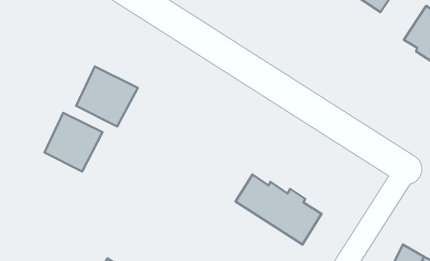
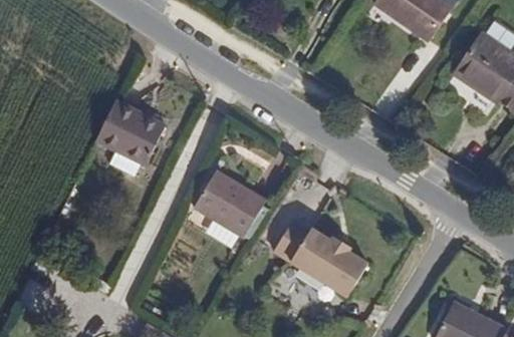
building: [45,113,103,171] -> none
building: none -> [193,168,266,238]

